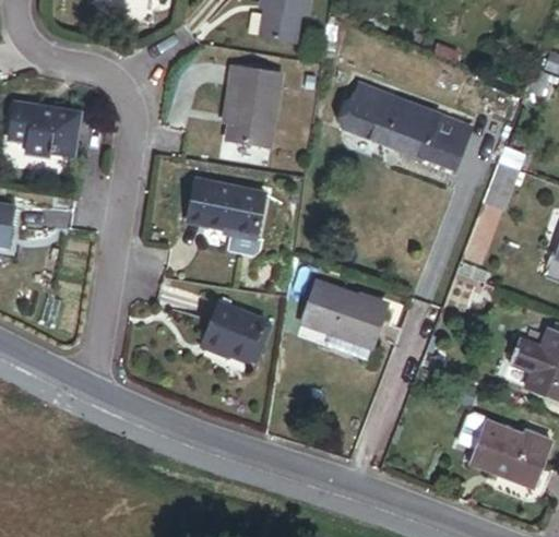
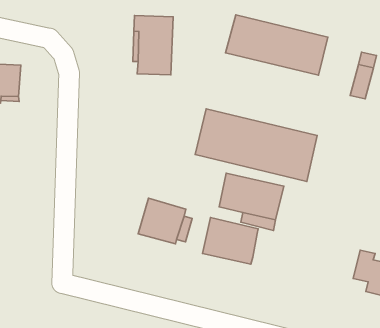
building: [185,178,261,256] -> none
building: none -> [195,109,317,181]
building: none -> [202,217,258,264]

